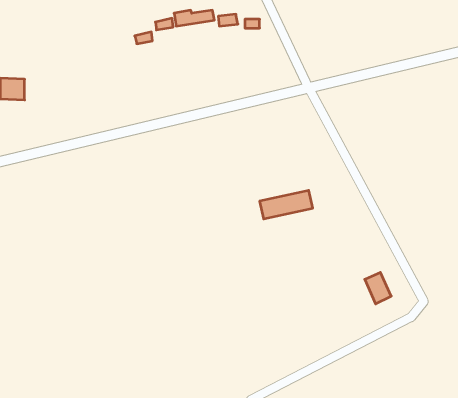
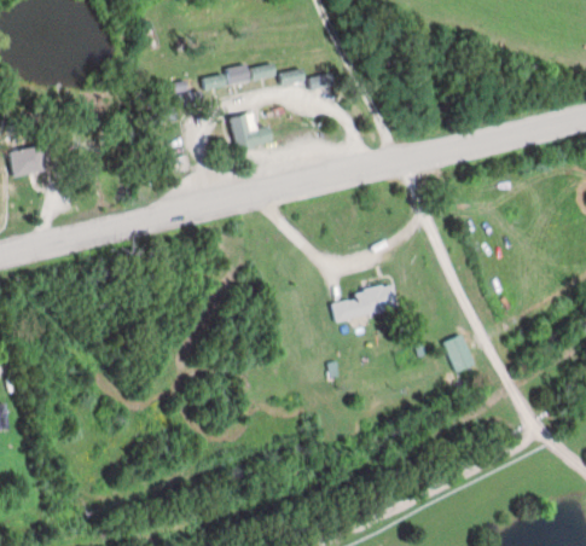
building: none -> [228,112,272,153]
building: [365,272,391,304] -> [442,333,475,372]

